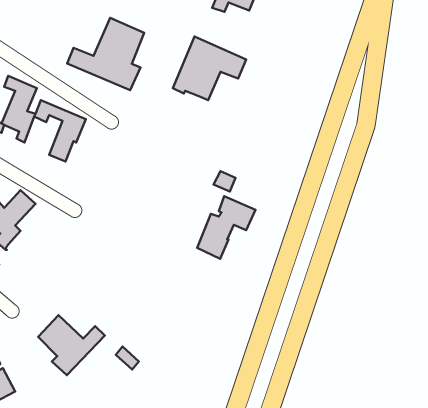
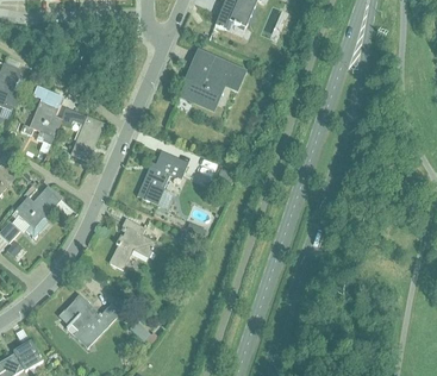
building: [67,18,144,90] -> none
building: [197,196,256,259] -> [137,150,188,205]
building: none -> [110,218,156,269]

